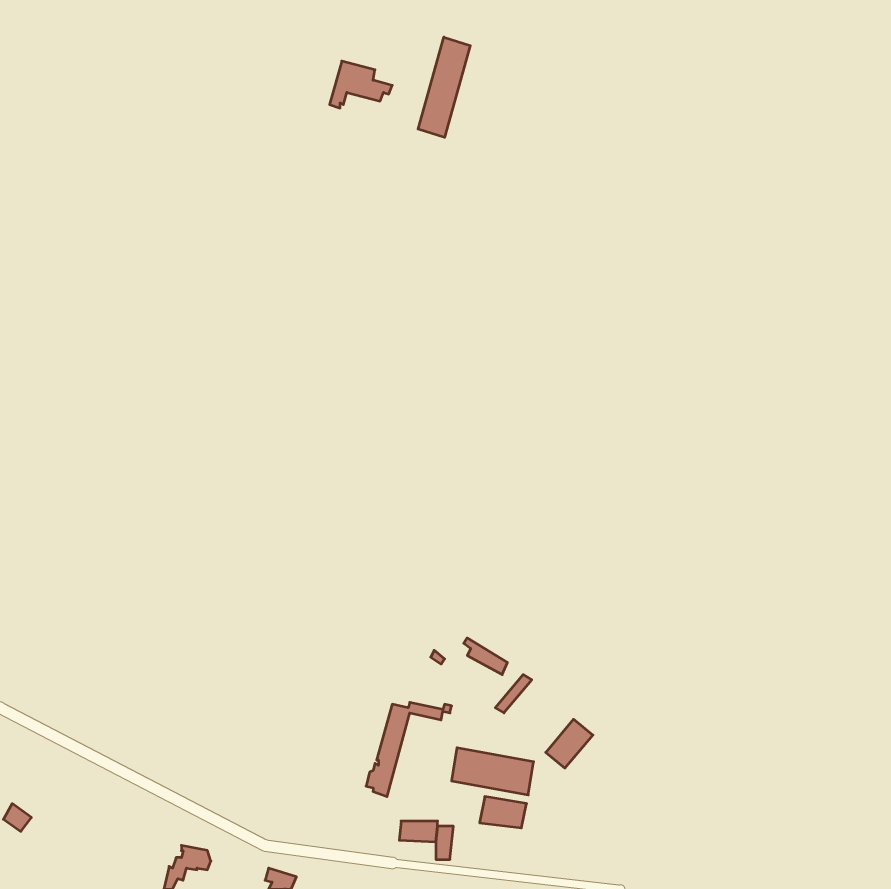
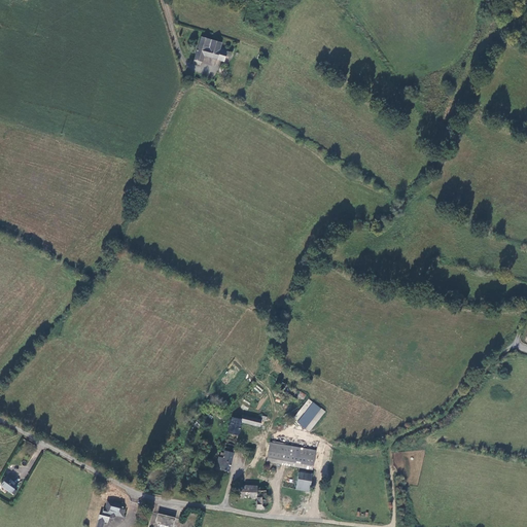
building: [418,37,470,137] -> none
building: [546,719,593,768] -> [297,401,325,430]

